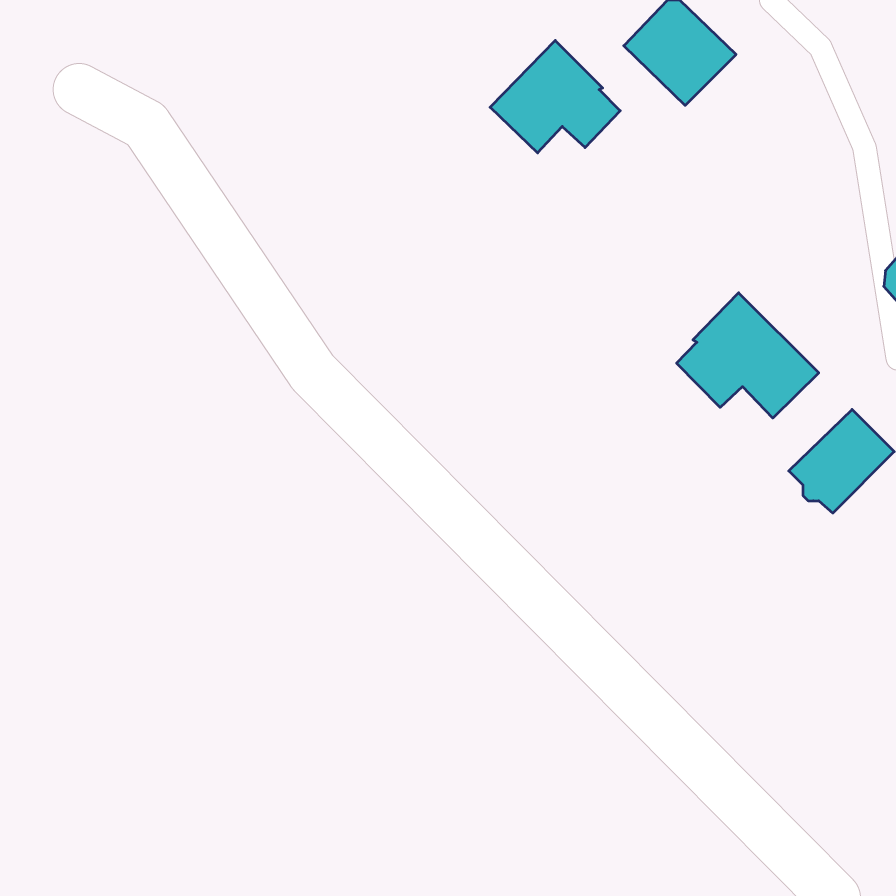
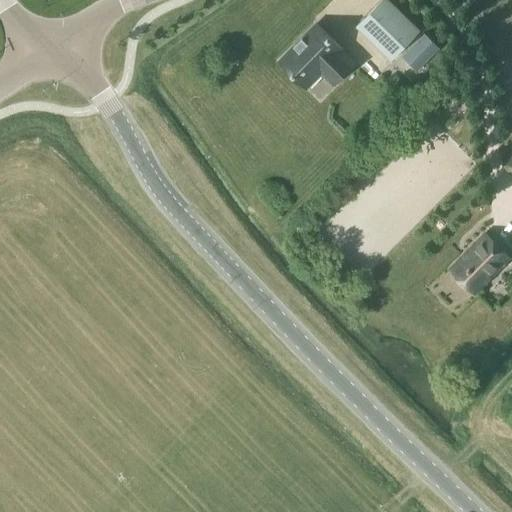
building: none -> [405,39,438,71]
building: [677,293,819,418] -> none

